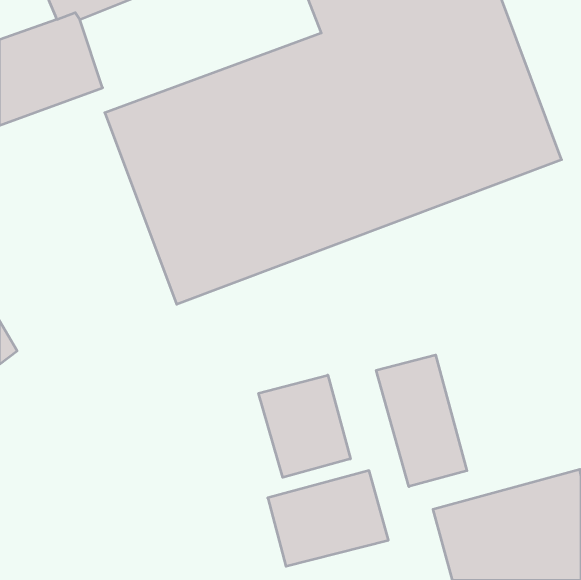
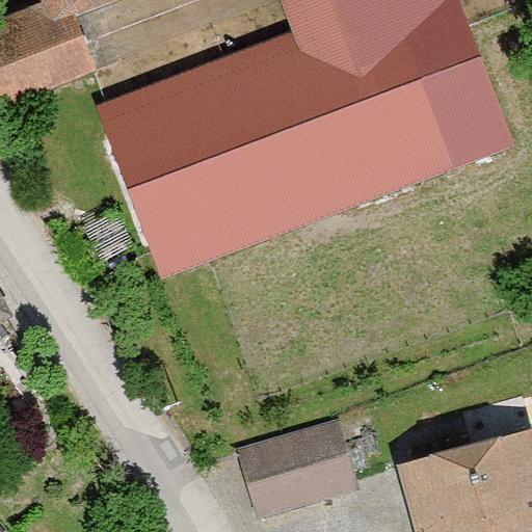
building: [376,355,467,487] -> none
building: [259,375,350,477] -> none

